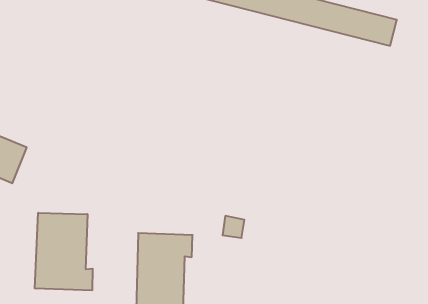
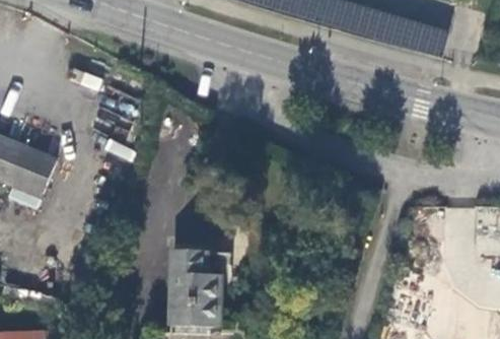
building: [35,213,93,290] -> none

